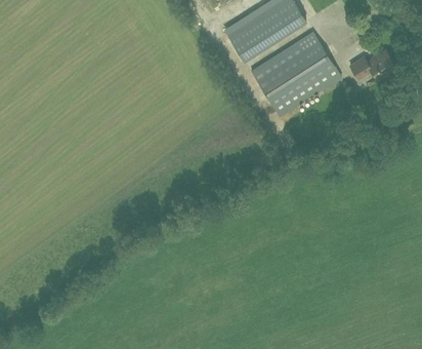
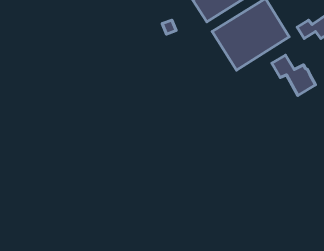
building: none -> [272,55,315,96]

